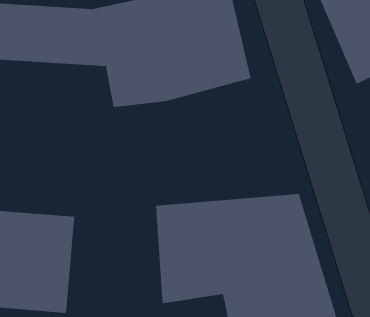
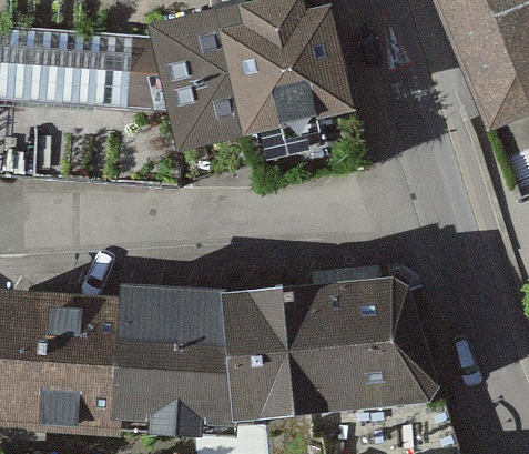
building: none -> [118,284,240,416]

